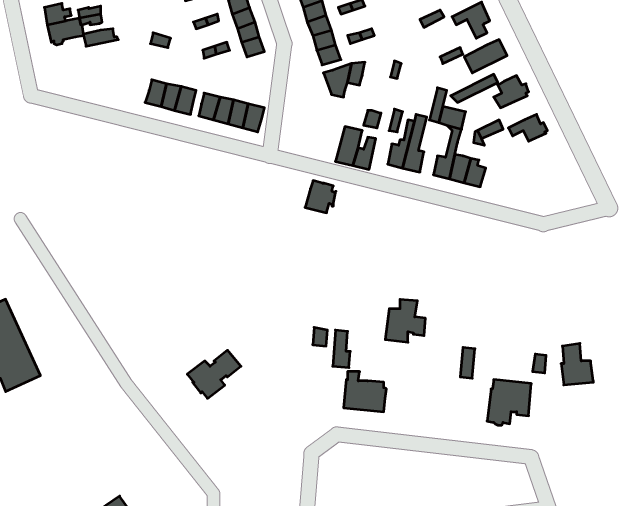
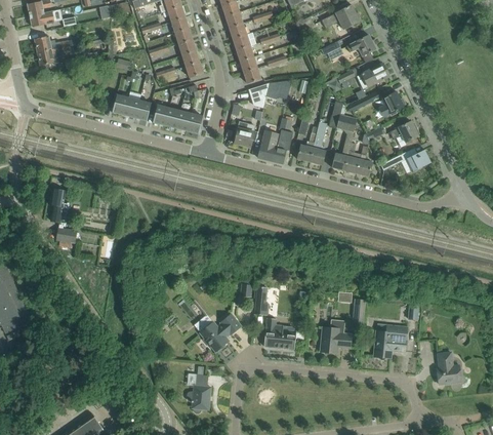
building: none -> [380,148,430,172]
building: [305,181,336,213] -> [234,122,257,147]
building: none -> [50,189,77,242]
building: [385,299,425,342] -> [320,320,351,353]
building: [561,343,593,385] -> [437,352,461,384]
building: [187,350,241,398] -> [200,314,241,351]
building: none -> [187,374,210,413]

